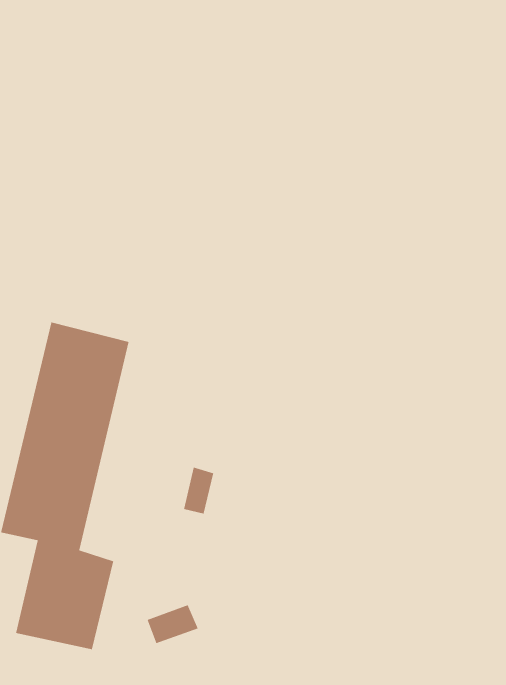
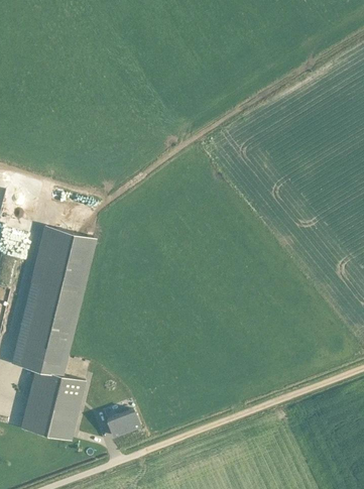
building: [183,466,214,514] -> none

